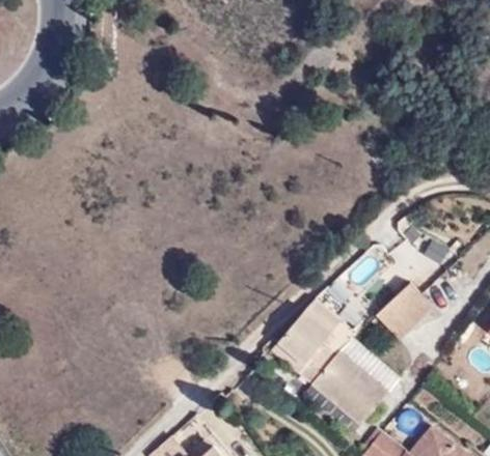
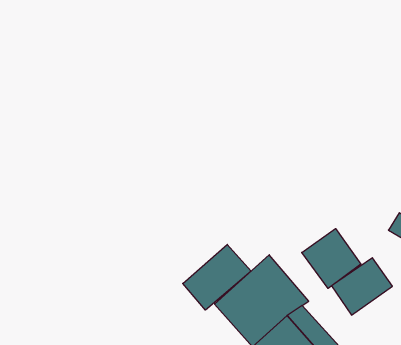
building: none -> [302,229,361,288]
building: none -> [183,244,251,310]

